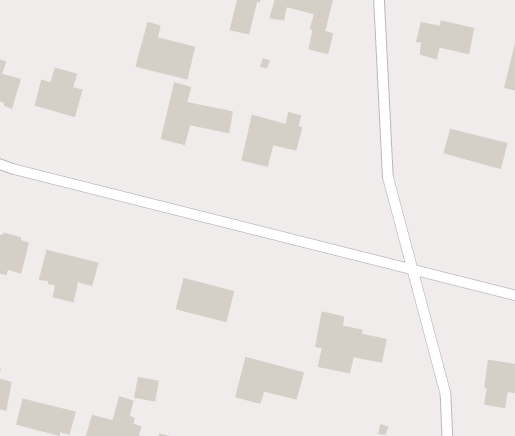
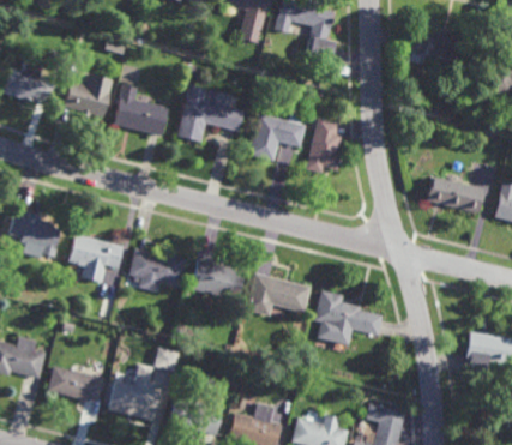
building: [135,21,196,80] -> [113,84,168,137]
building: none -> [307,118,342,173]
building: [443,128,508,170] -> [426,176,484,214]
building: none -> [129,248,187,293]
building: [234,356,305,404] -> [247,272,311,315]

